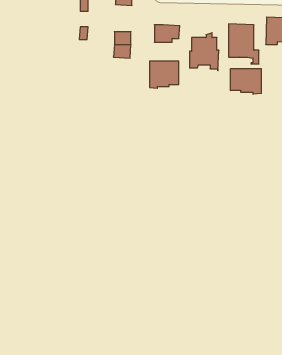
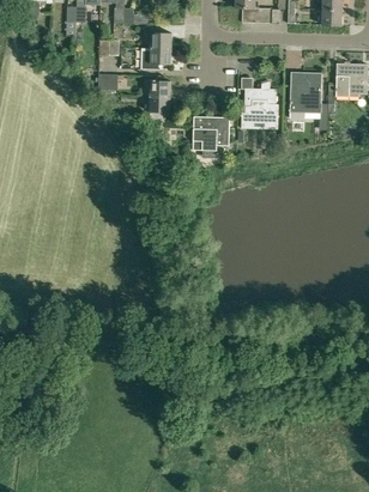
building: [154,25,180,42] -> [140,48,171,69]
building: [231,69,261,94] -> none

